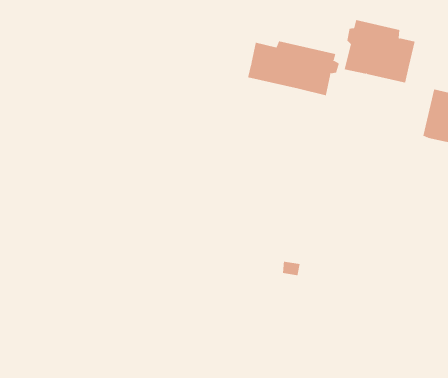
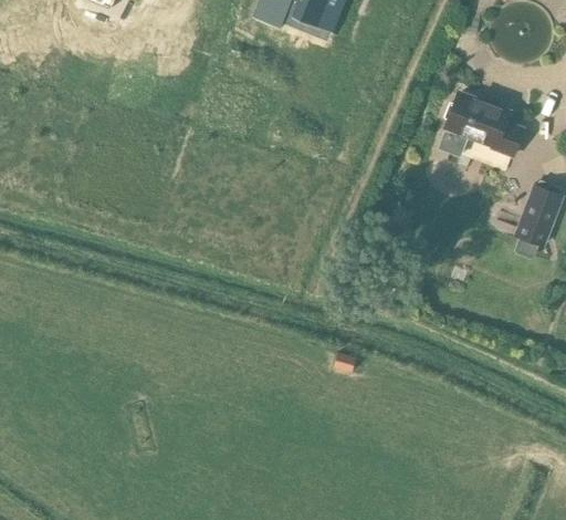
building: [247,40,339,96] -> none

